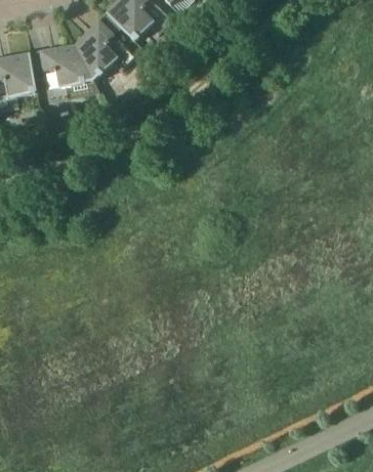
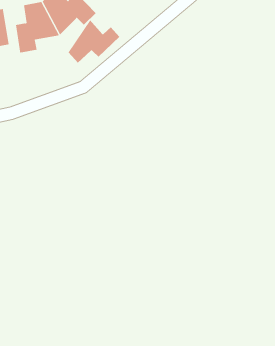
building: none -> [68,19,120,64]

